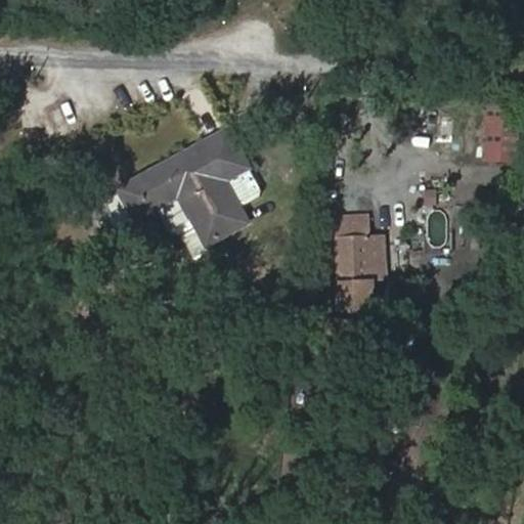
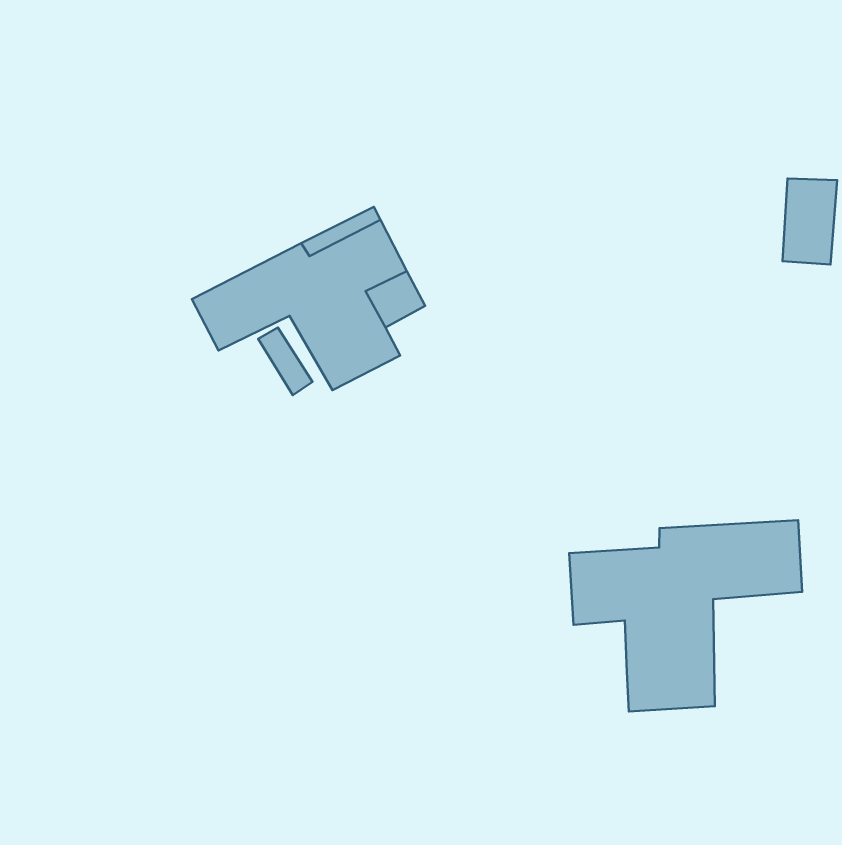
building: [333,212,386,298] -> none
building: none -> [569,520,802,712]

